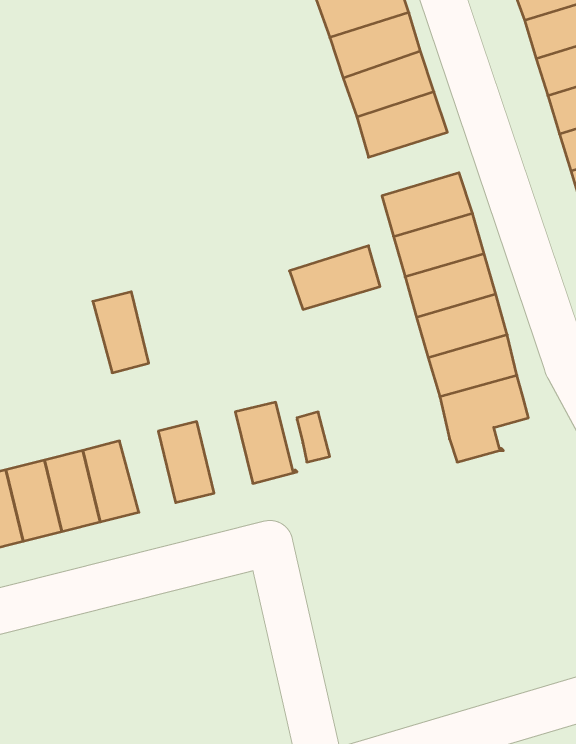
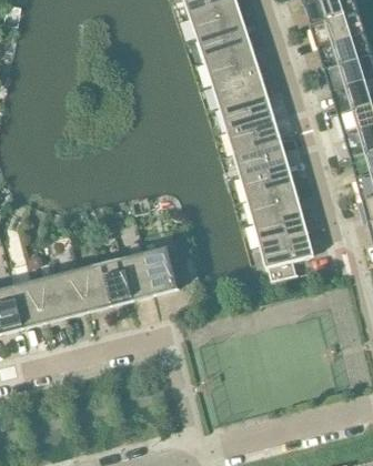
building: [289,246,380,309] -> [220,91,272,128]
building: [93,292,149,373] -> [77,263,109,310]
building: none -> [121,252,153,298]

